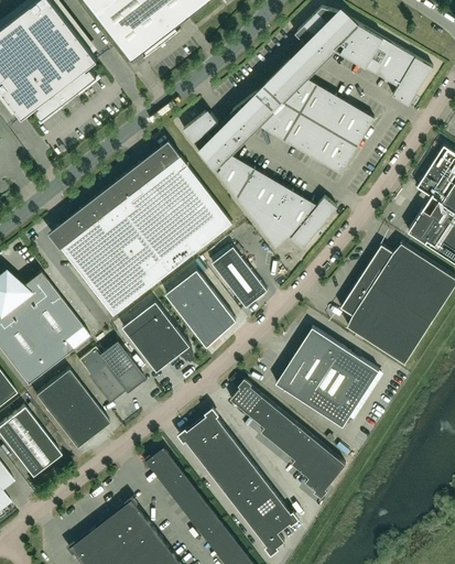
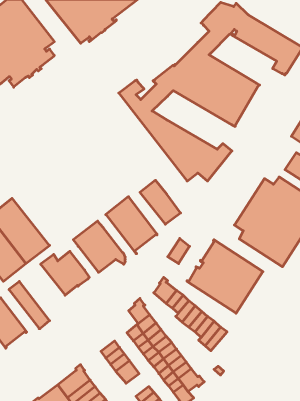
building: [47,140,231,315] -> none
building: none -> [168,238,190,264]
building: [48,369,108,436] -> none
building: [176,423,209,453] -> none
building: [142,446,177,478] -> none
building: [304,452,345,498] -> none
building: [193,508,224,539] -> none

